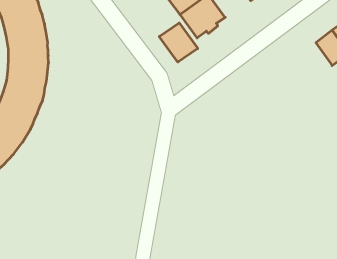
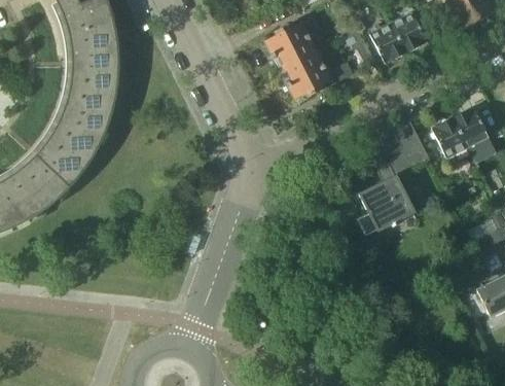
building: [159,23,198,62] -> none
building: none -> [359,121,430,233]

